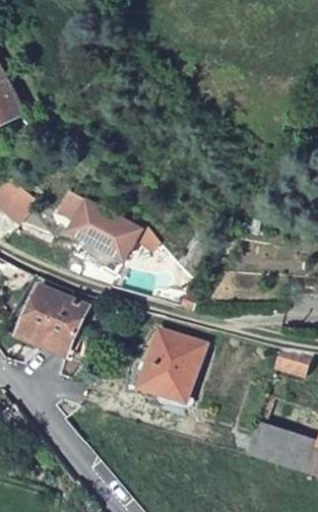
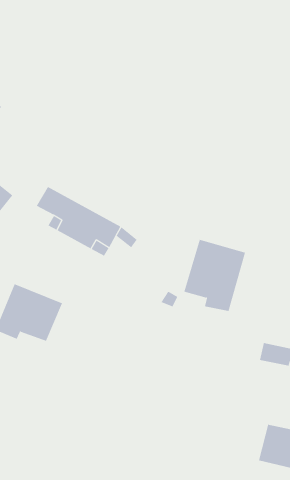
building: [143,330,204,401] -> [183,239,246,312]
building: [252,422,283,462] -> none

